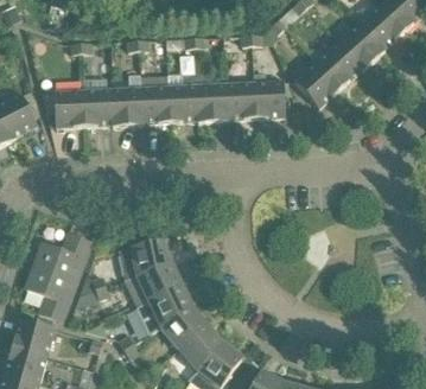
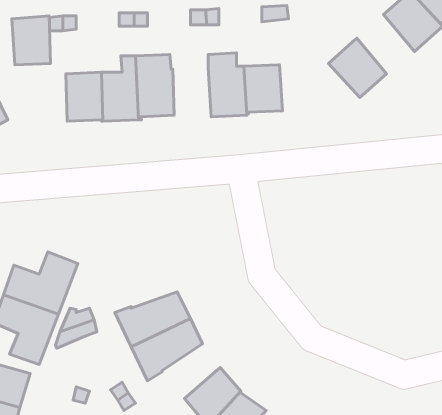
building: [307,42,362,89] -> none
building: [253,72,285,119] -> none
building: [169,74,199,123] -> none
building: [53,89,84,128] -> [12,16,51,65]
building: [117,240,172,278] -> none
building: [160,305,206,349] -> none

